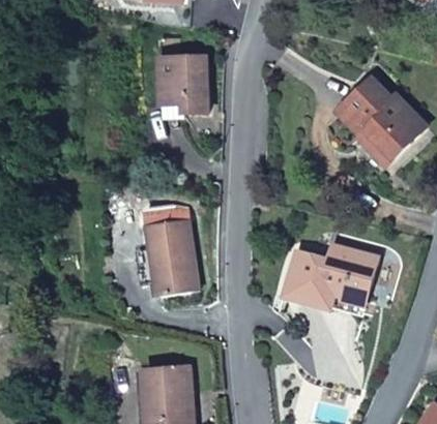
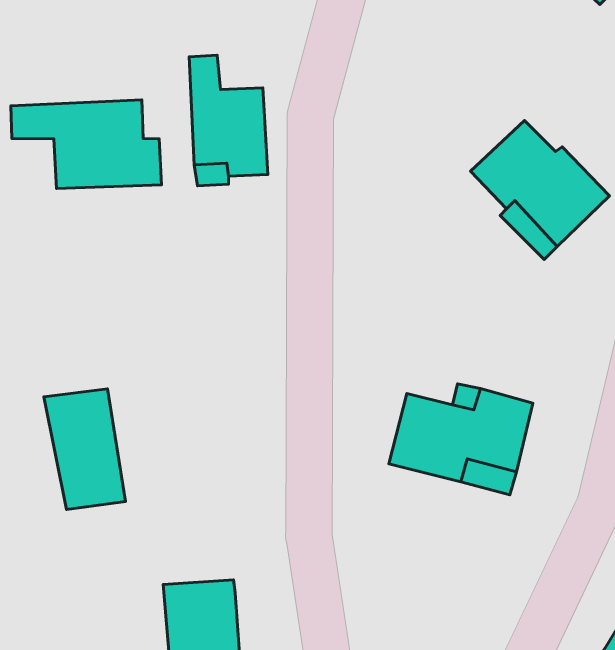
building: none -> [11,100,162,189]
building: [146,219,198,296] -> [44,389,125,510]

